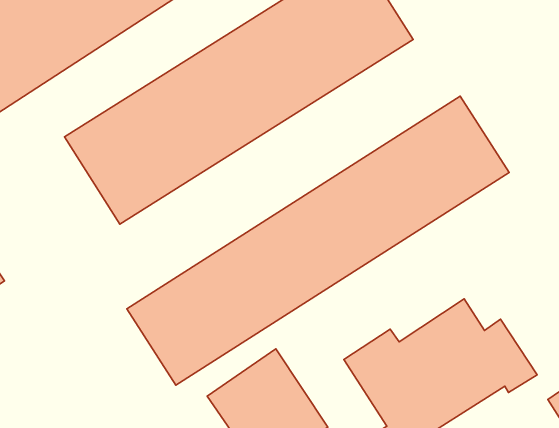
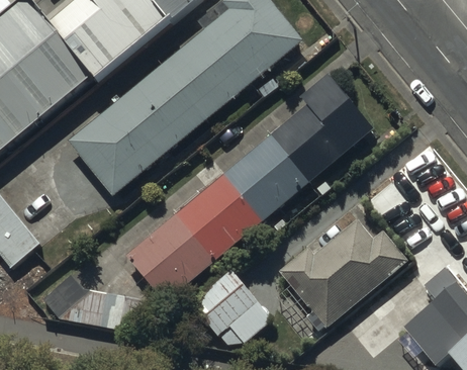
building: none -> [48,273,142,329]

